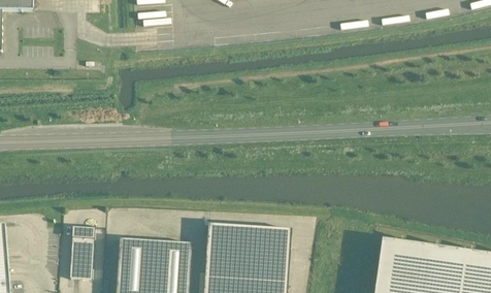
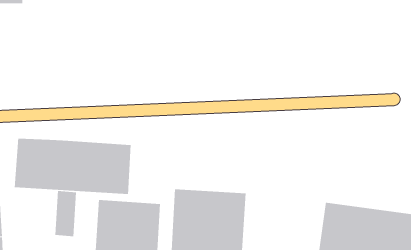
building: none -> [14,138,131,195]

